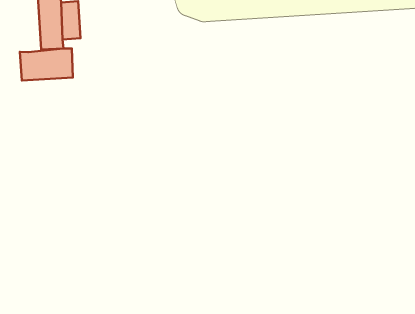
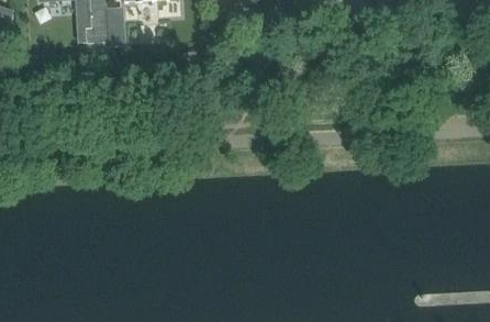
building: [20,48,73,81] -> none

